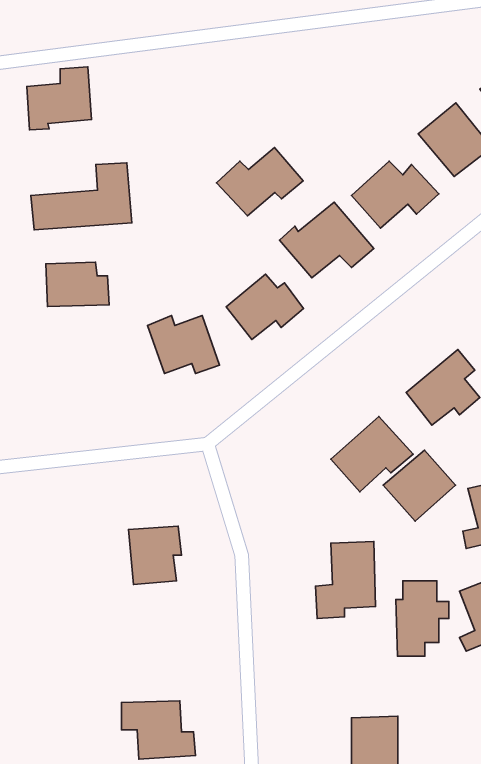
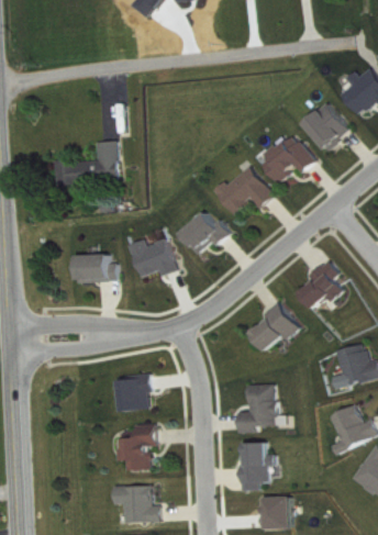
building: [27,67,92,130] -> none
building: [216,147,303,216] -> none
building: [46,262,109,307] -> [76,254,116,282]
building: [383,450,456,521] -> none
building: [396,581,449,656] -> [240,442,274,490]
building: none -> [121,424,156,470]

